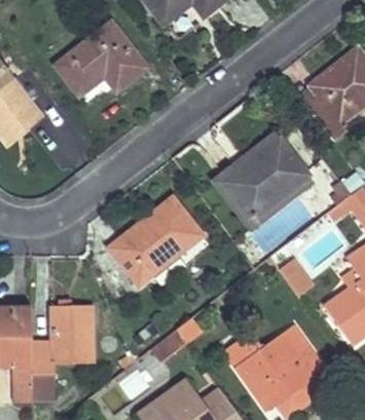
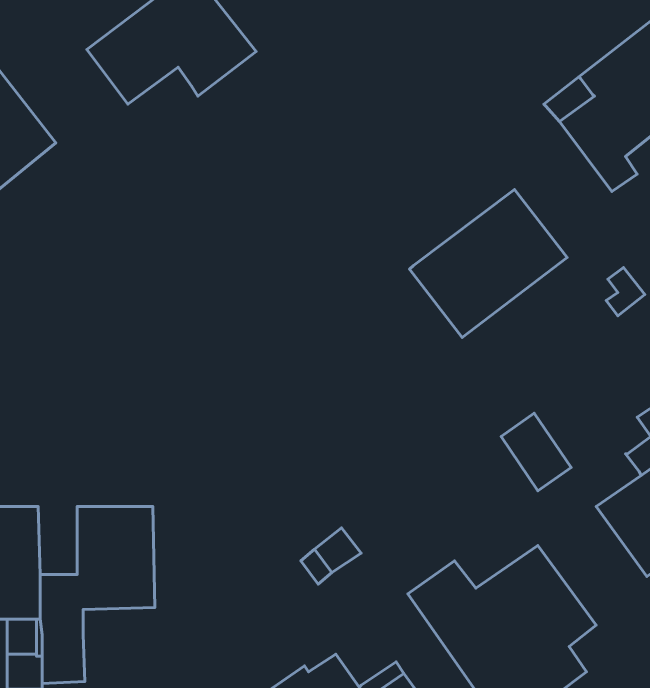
building: [213,131,314,230] -> none
building: [108,197,202,285] -> none

